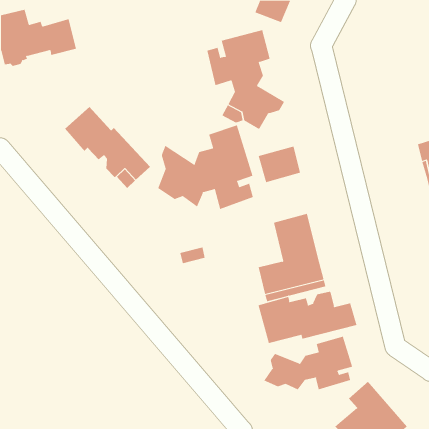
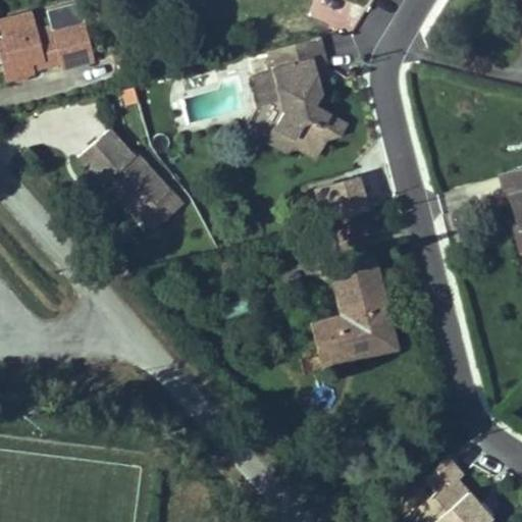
building: [158,125,254,210] -> none
building: [258,291,357,344] -> none
building: [263,336,353,390] -> none

